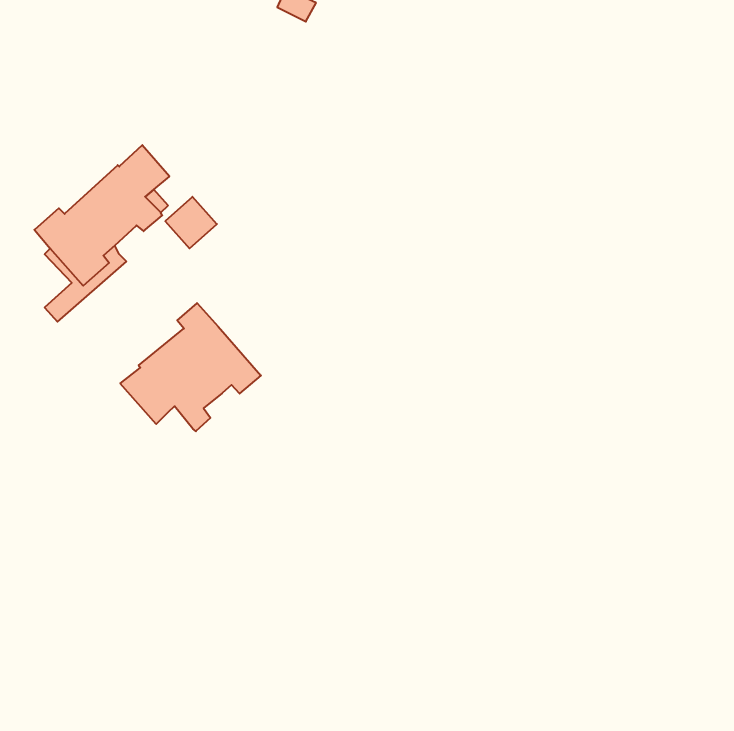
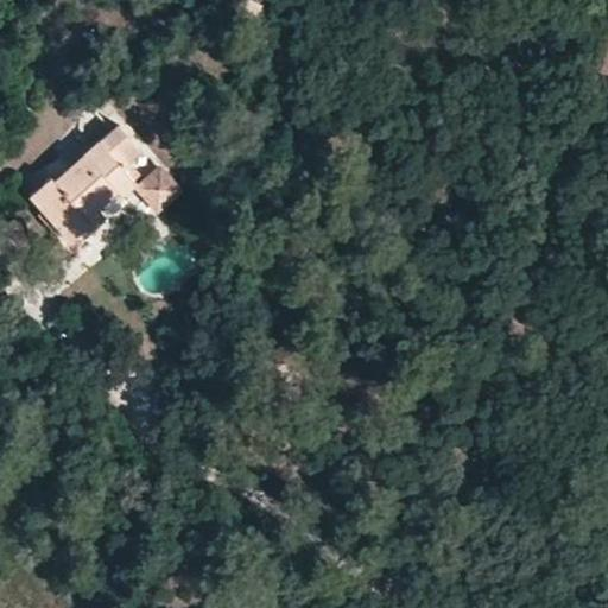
building: [120,303,261,431] -> none

